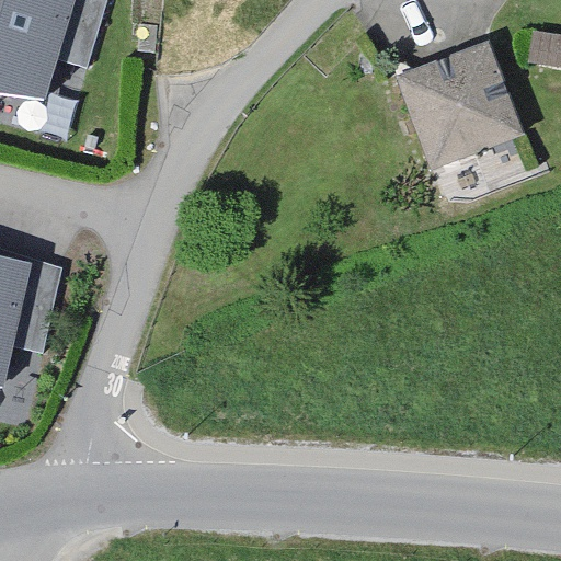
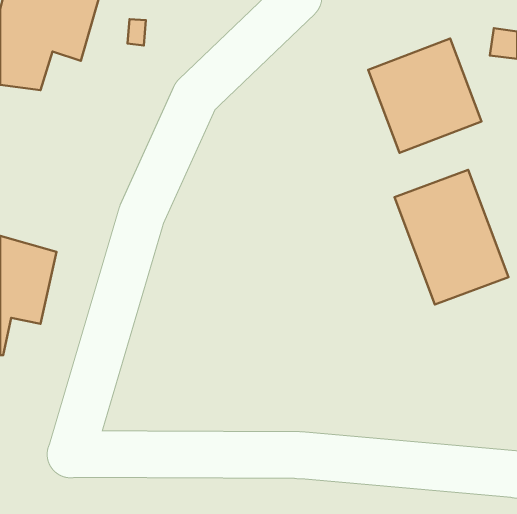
building: none -> [394,170,509,305]

